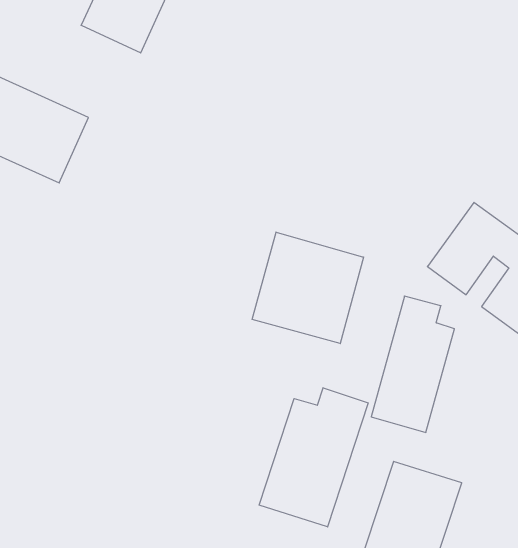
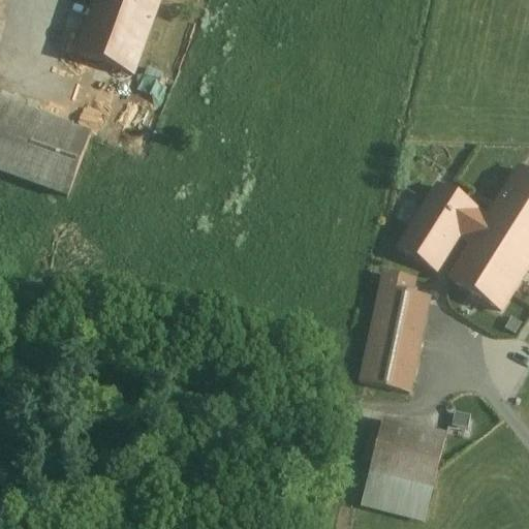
building: [252,232,364,344] -> none
building: [259,388,368,527] -> none

